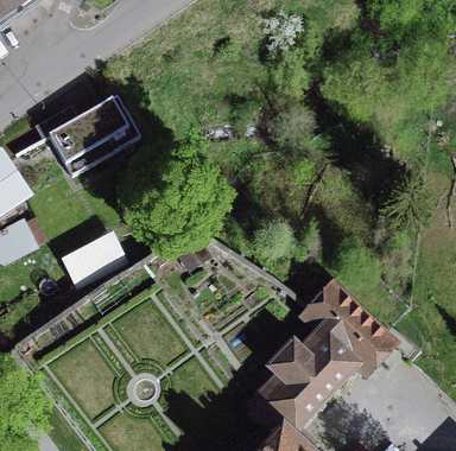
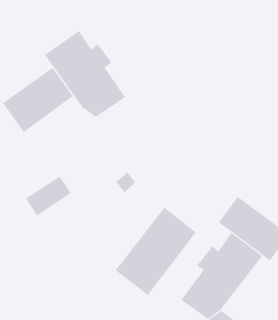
building: none -> [44,30,126,117]
building: none -> [115,207,196,296]

